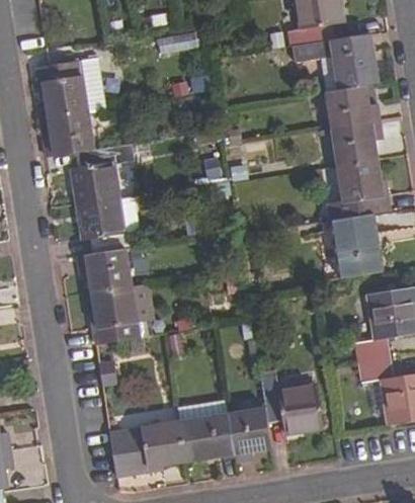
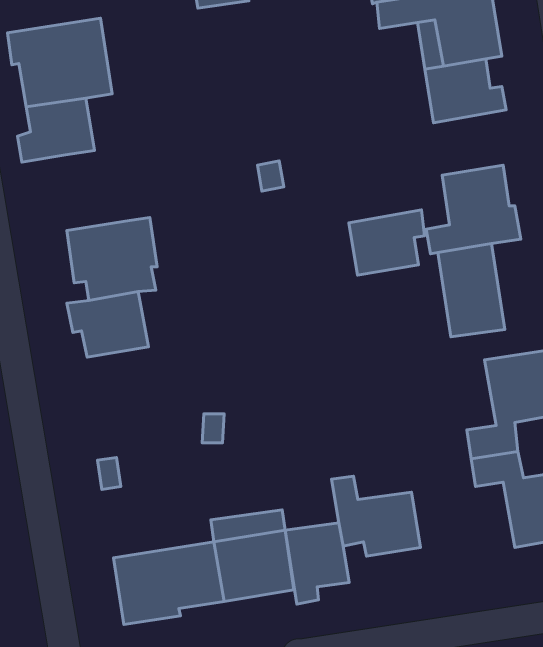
building: [331,120,384,166] -> [349,210,424,275]
building: [70,145,123,204] -> none
building: [90,285,141,344] -> none

